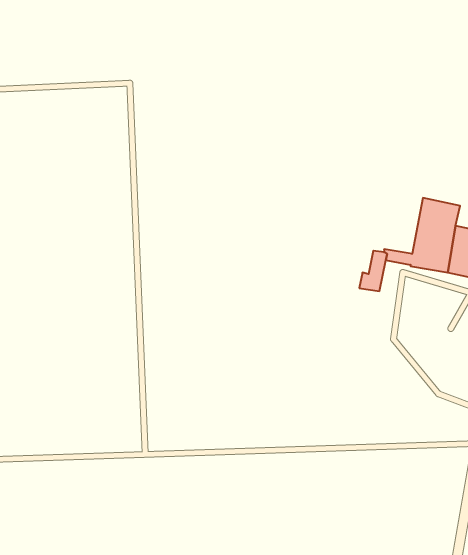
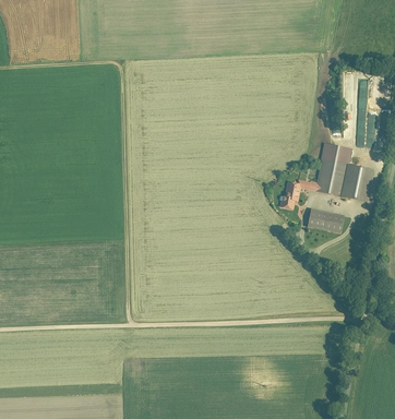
building: none -> [307,208,344,232]

